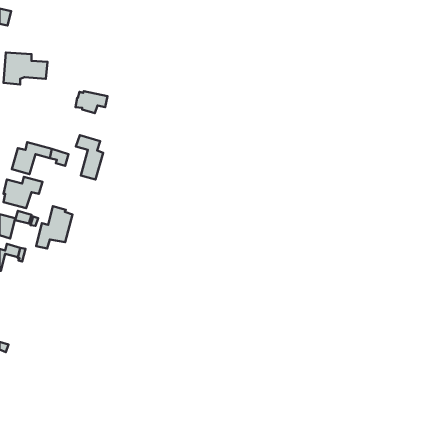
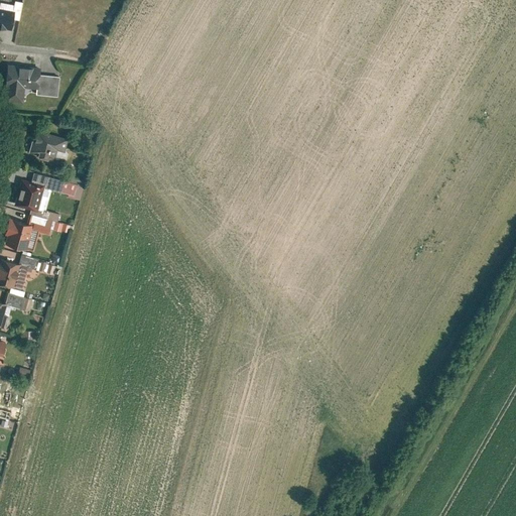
building: [75,91,108,113] -> [28,133,67,159]
building: [76,135,103,180] -> none
building: [36,206,72,249] -> none

